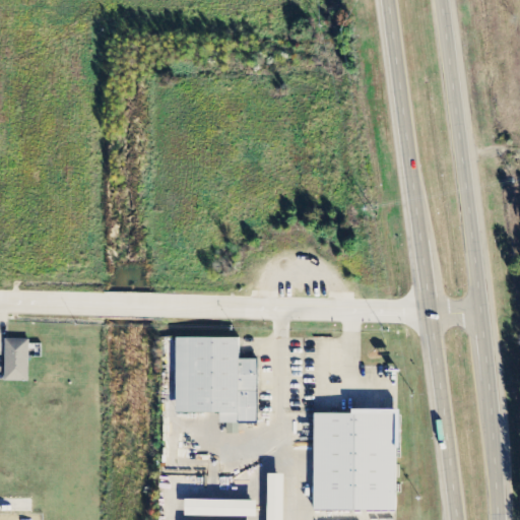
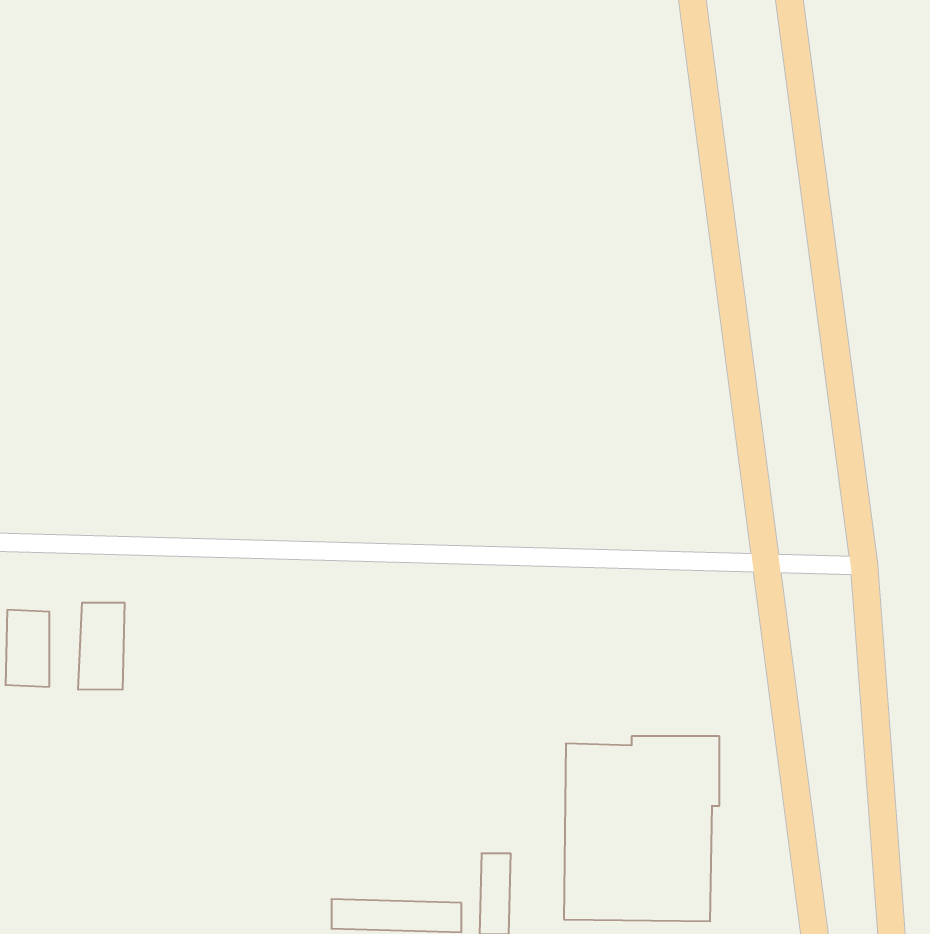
building: none -> [78,603,125,690]
building: [175,337,257,434] -> none

